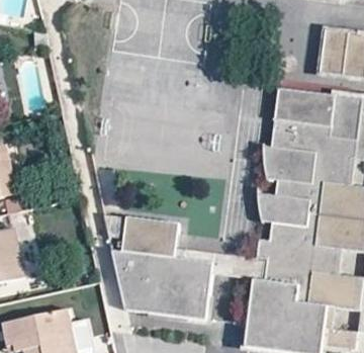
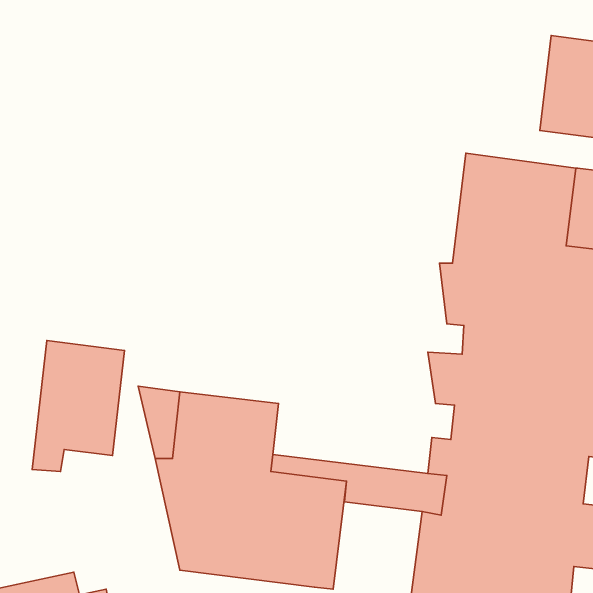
building: none -> [32,340,125,472]

